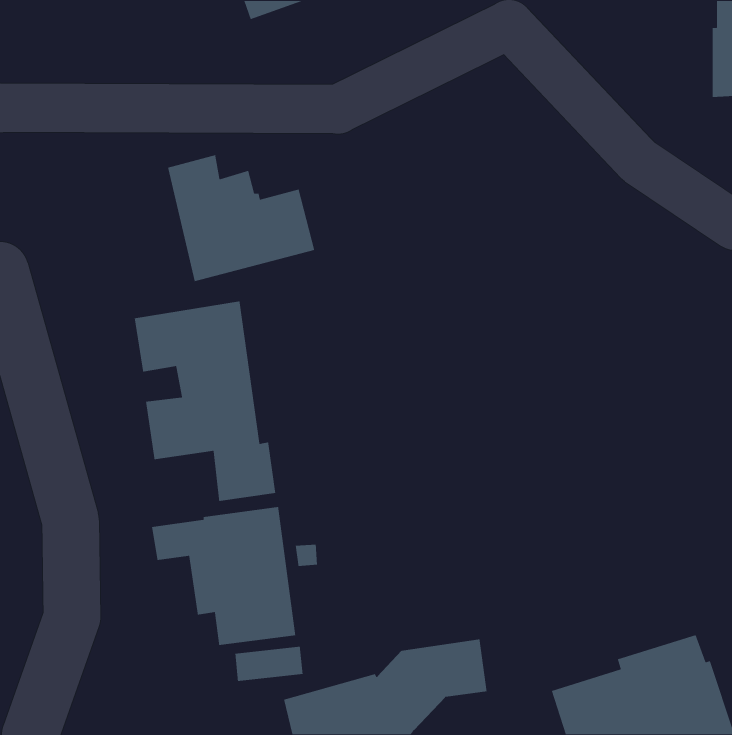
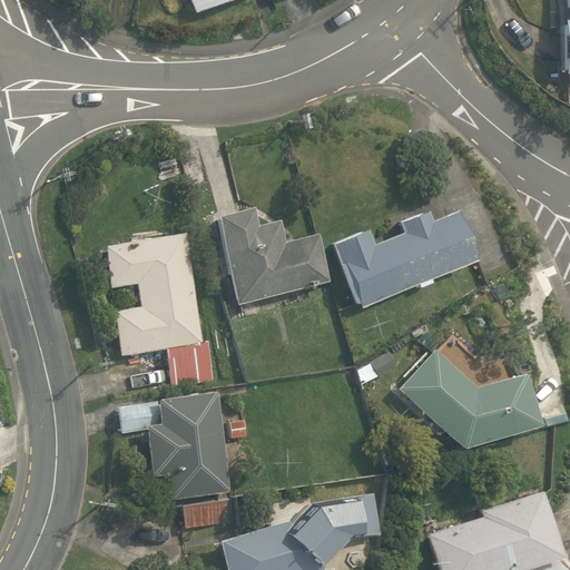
building: [167,154,315,282] -> [218,207,333,306]
building: none -> [334,212,478,308]
building: none -> [399,350,540,449]

